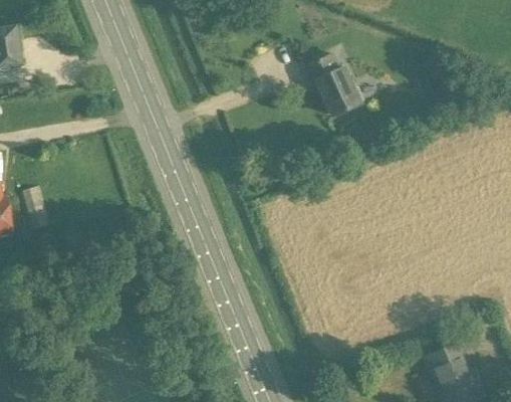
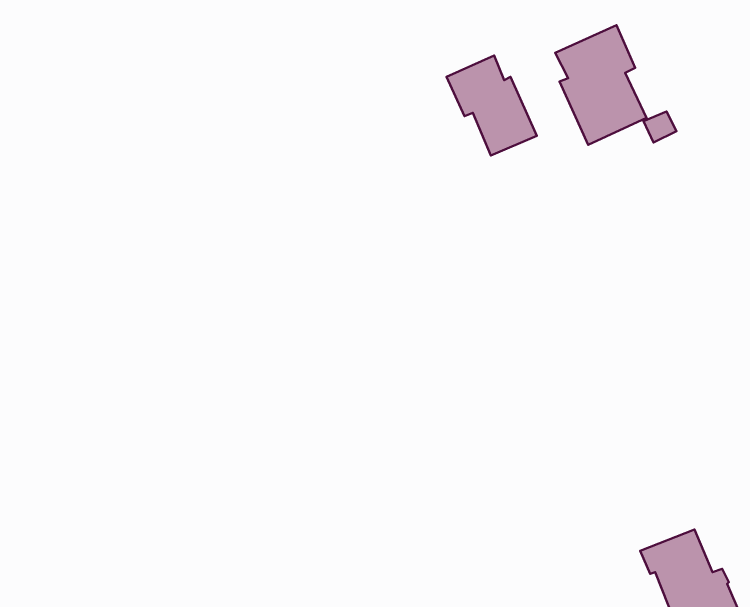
building: none -> [555,25,647,145]

